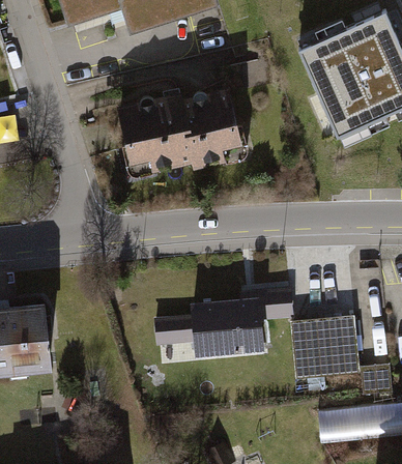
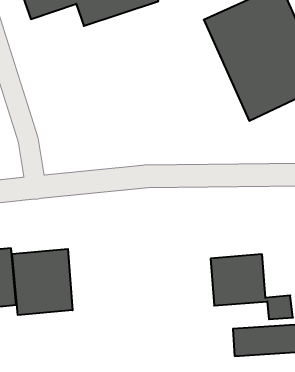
building: [121,89,243,175] -> none
building: [155,290,290,349] -> none
building: none -> [12,249,73,315]

